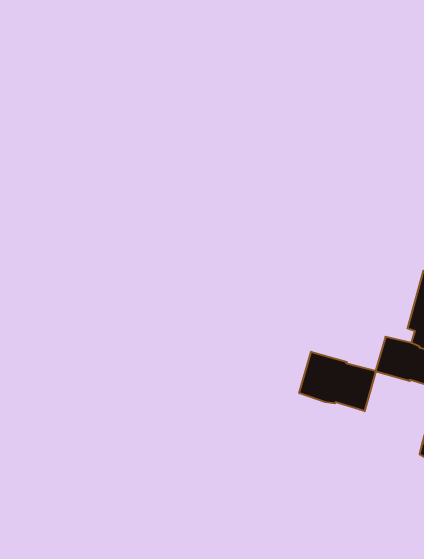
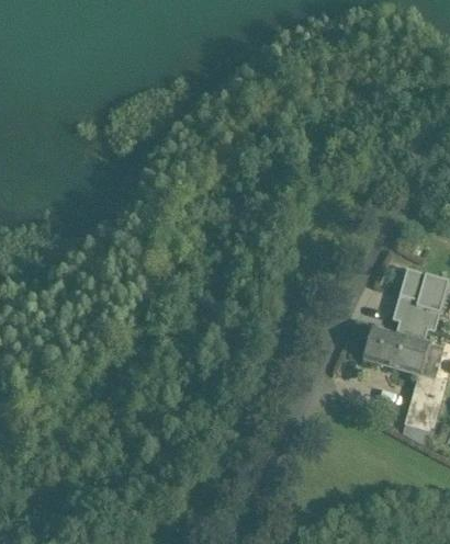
building: [299,352,376,411] -> none

